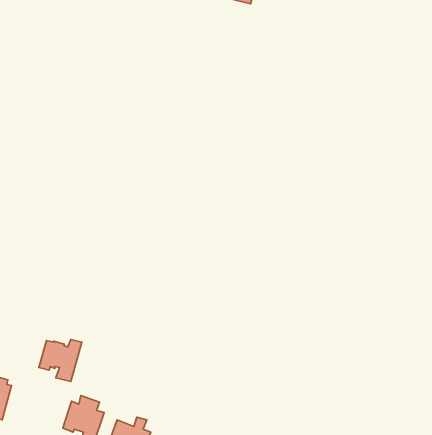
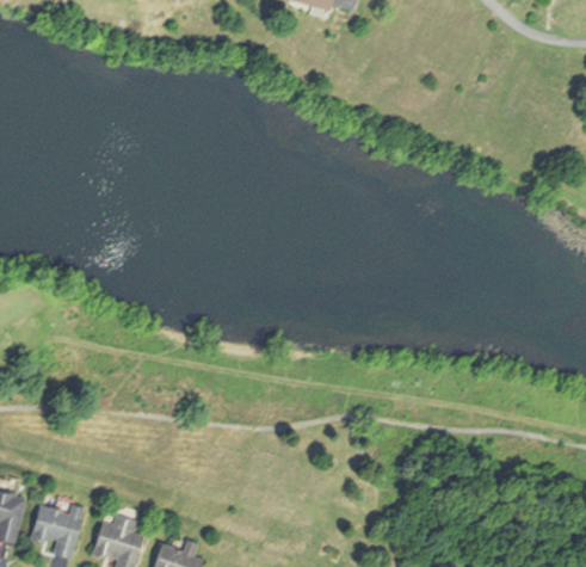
building: [39,339,82,381] -> [30,504,85,557]

